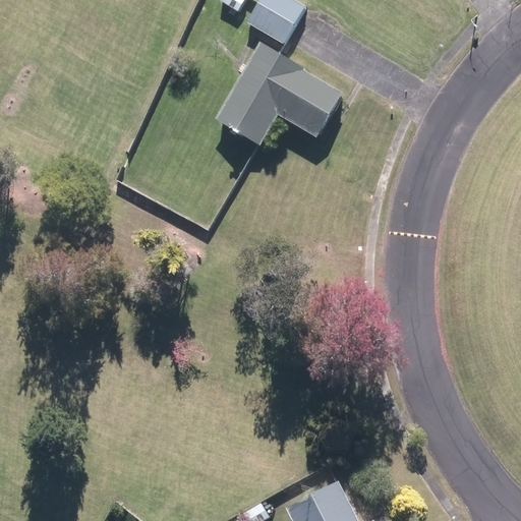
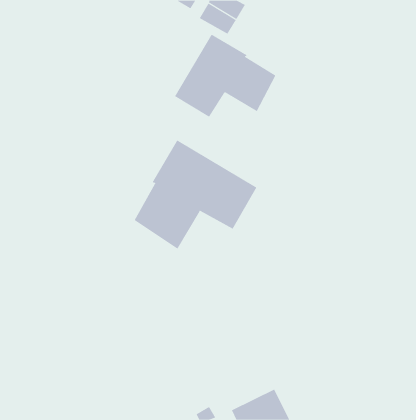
building: none -> [134,140,257,249]

